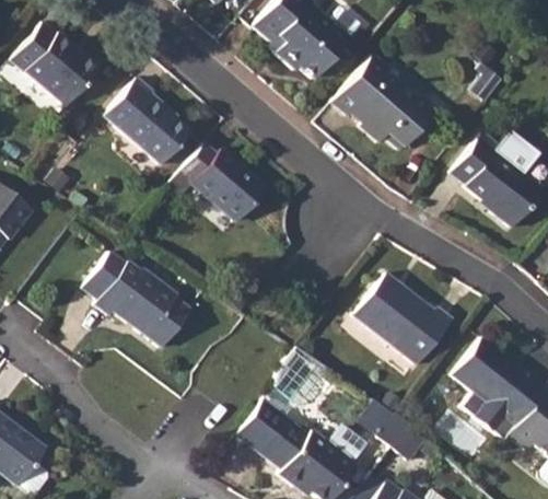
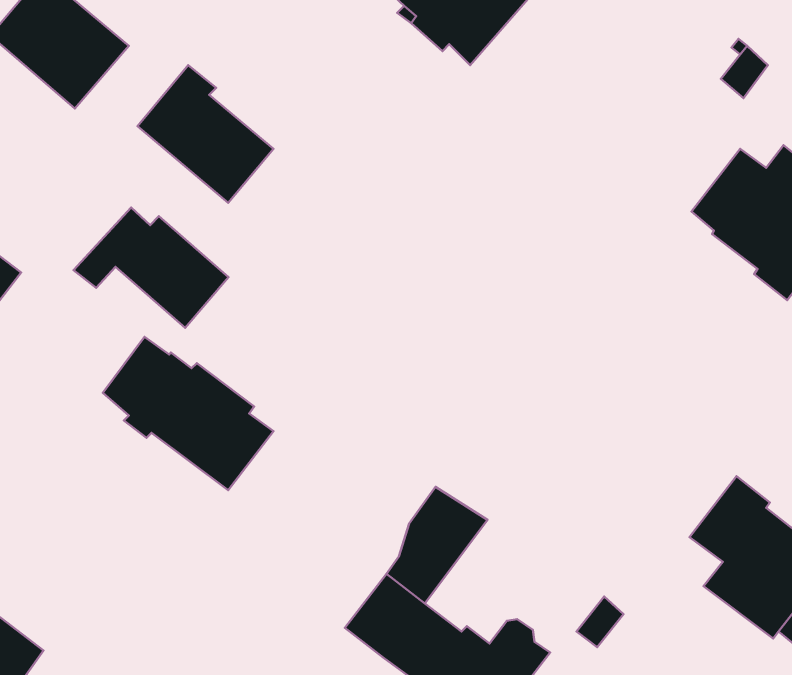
building: [334,56,434,151] -> none
building: [167,146,265,221] -> [74,208,229,328]
building: [354,272,453,365] -> none

